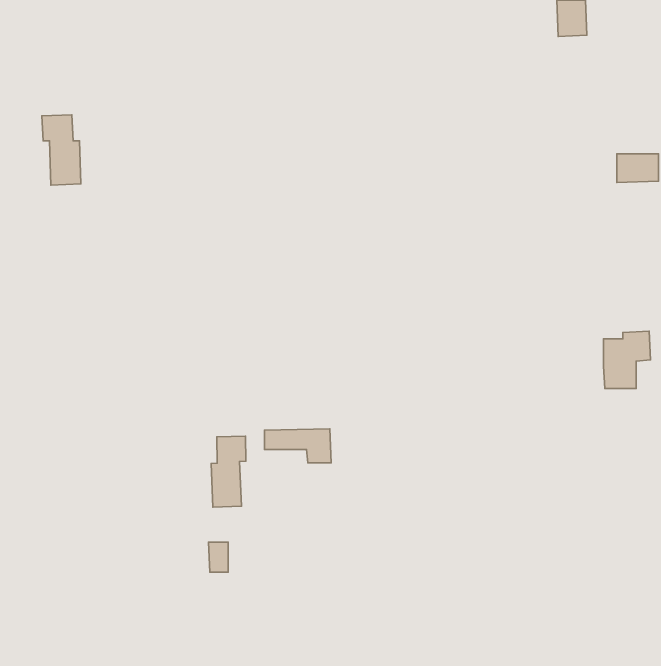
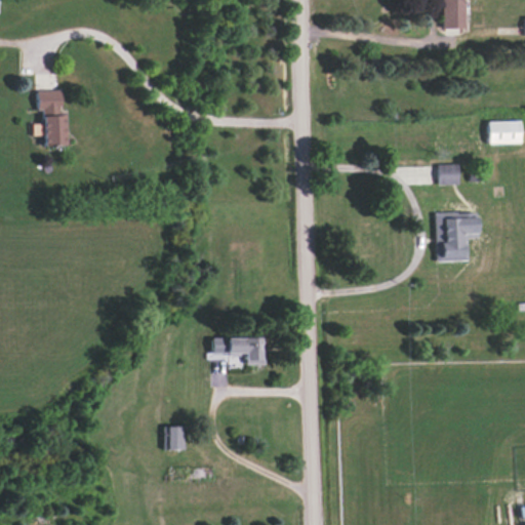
building: none -> [438,164,459,185]
building: [603,331,650,388] -> [441,212,478,257]
building: [211,436,246,507] -> none

